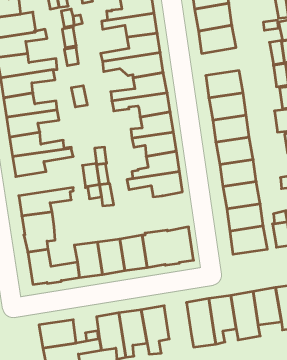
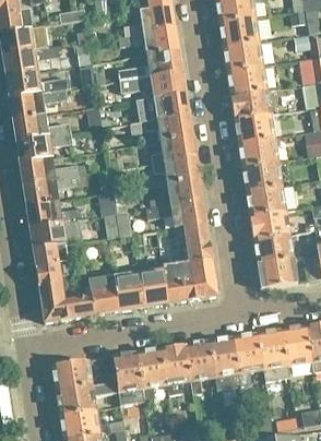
building: none -> [227,64,268,95]
building: none -> [26,199,88,225]
building: none -> [174,220,214,263]
building: none -> [187,341,216,395]

